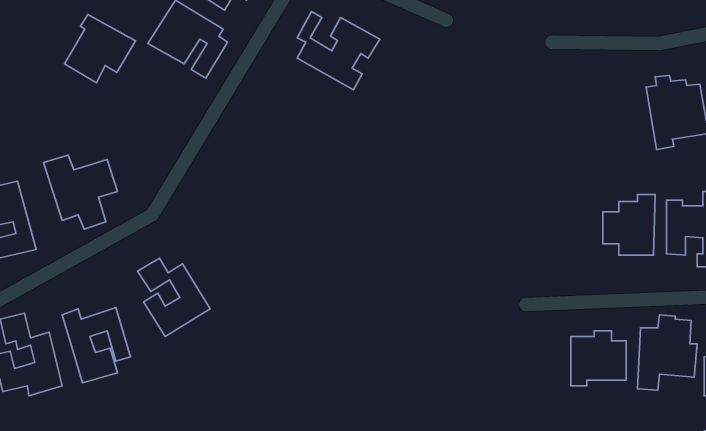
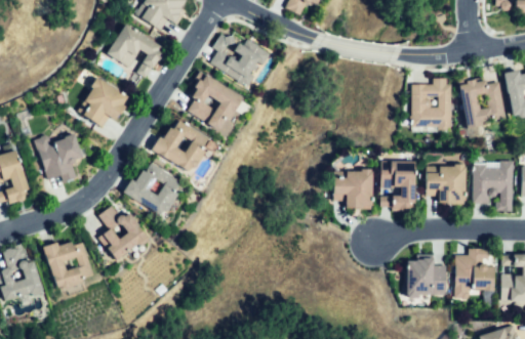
building: [65,15,136,83] -> [79,77,129,125]
building: none -> [190,73,243,134]
building: none -> [411,76,451,132]
building: none -> [153,125,214,173]
building: none -> [381,161,415,211]
building: none -> [334,167,371,208]
building: none -> [122,168,181,219]

